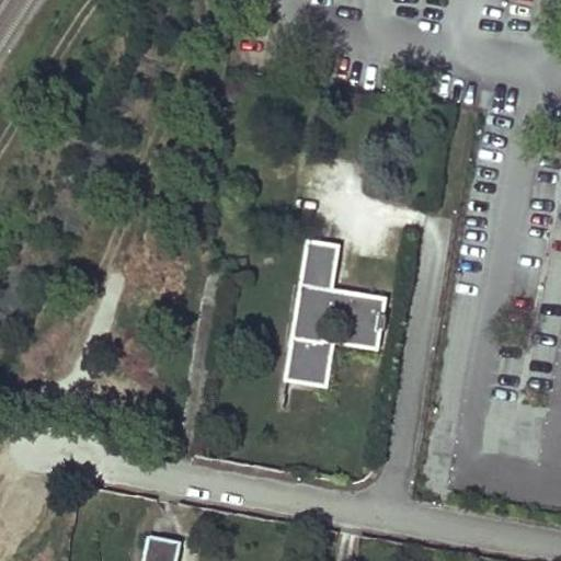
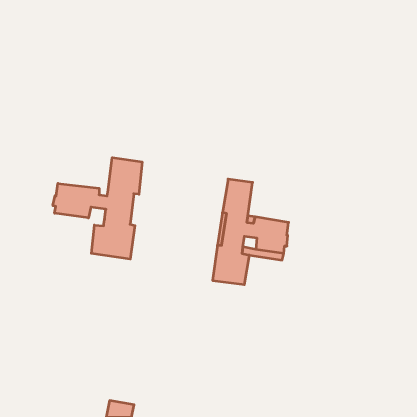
building: none -> [53,158,142,259]

